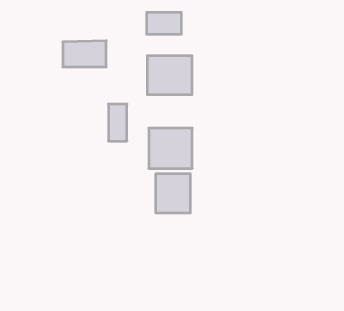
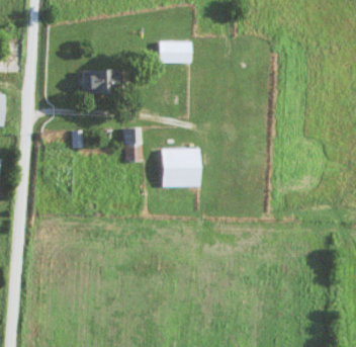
building: [147,56,192,95] -> none
building: [156,174,190,213] -> none

